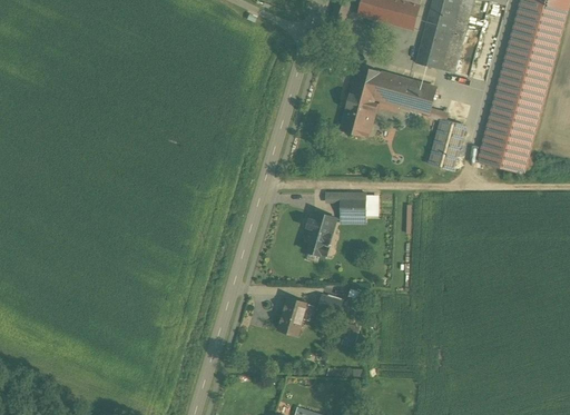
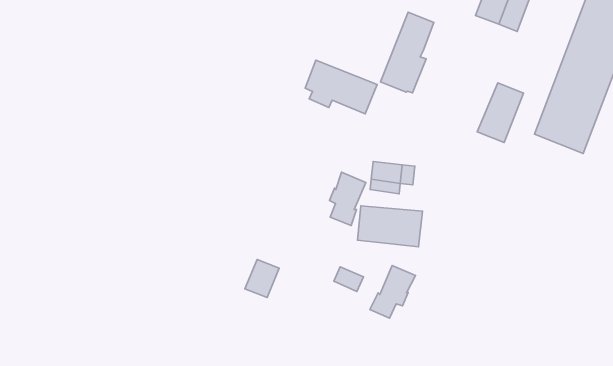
building: [374,71,436,113] -> [305,60,377,114]
building: none -> [358,206,422,247]
building: none -> [370,265,415,318]
building: [279,296,307,328] -> [245,259,279,298]

